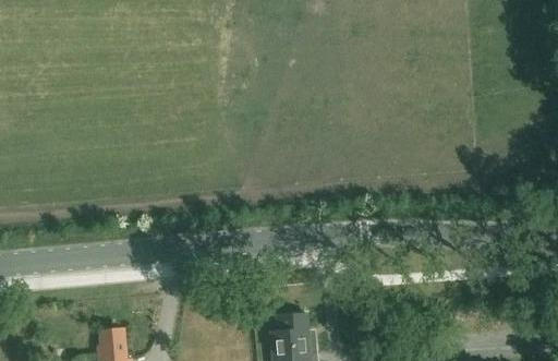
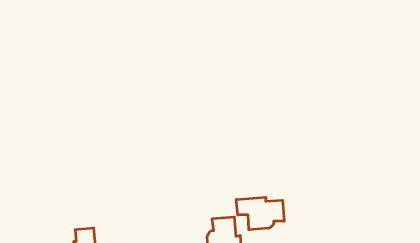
building: none -> [236,197,284,230]

